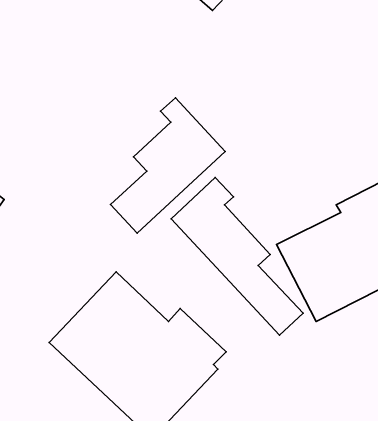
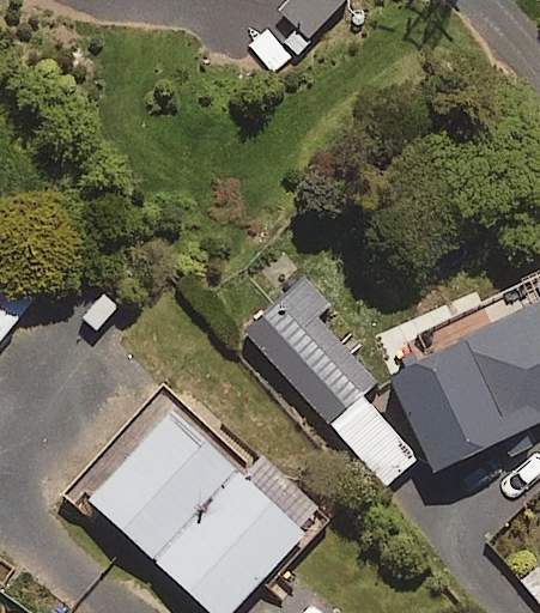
building: [110,98,225,233] -> none

